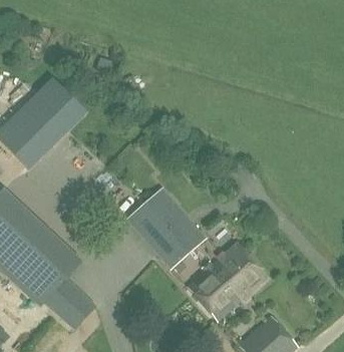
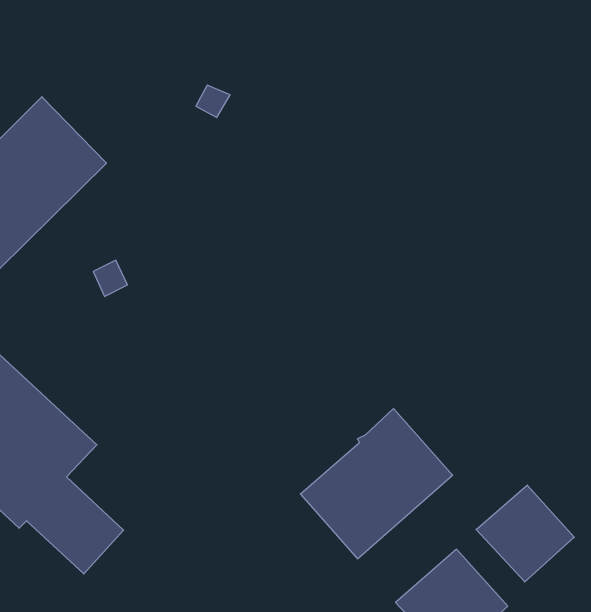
building: [128,189,206,267] -> none
building: none -> [476,485,574,582]

